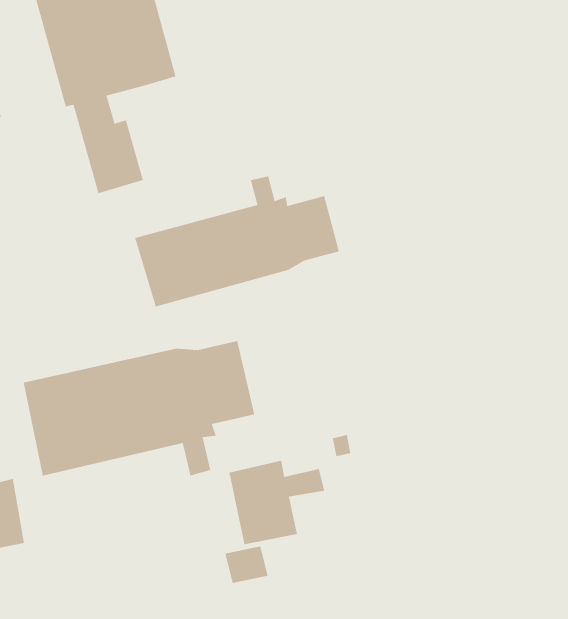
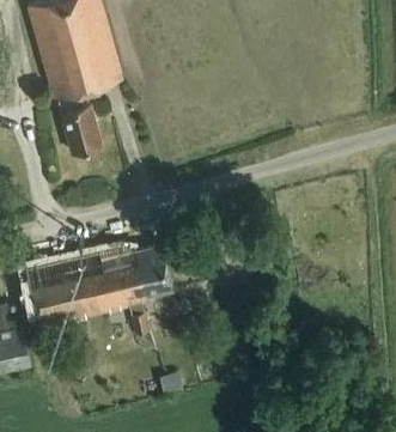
building: [134,175,340,308] -> none
building: [229,460,325,545] -> none

